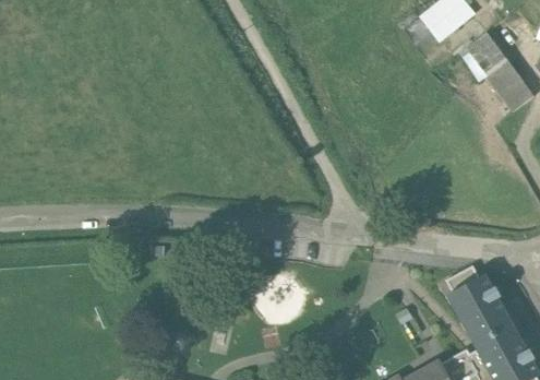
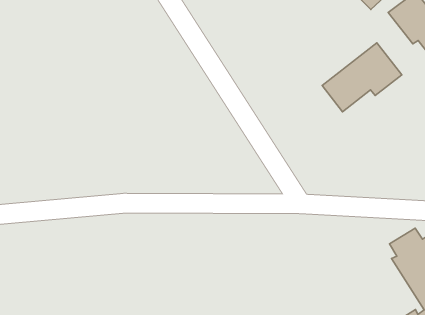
building: none -> [322,43,402,112]

